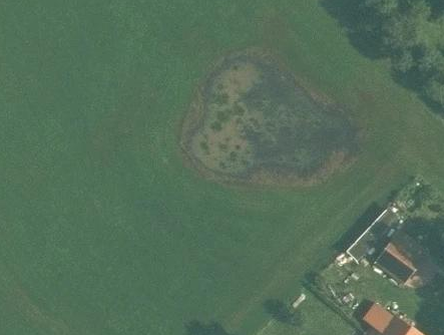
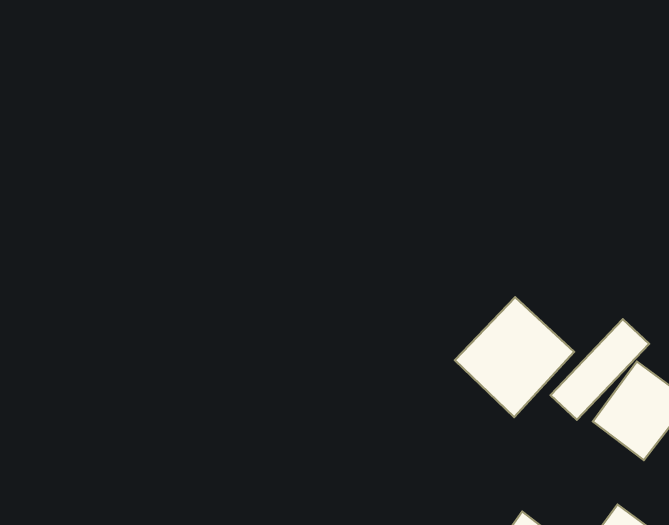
building: none -> [455,297,574,417]

